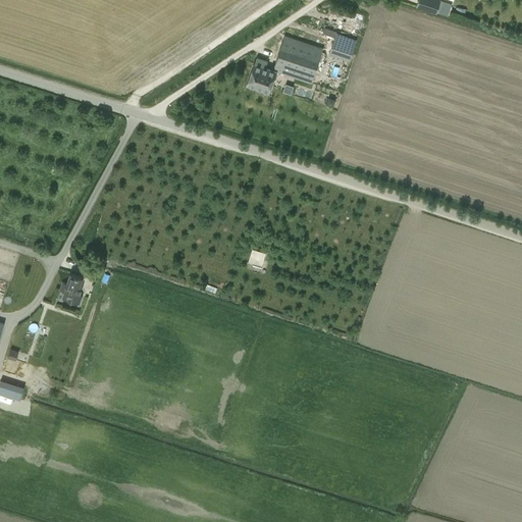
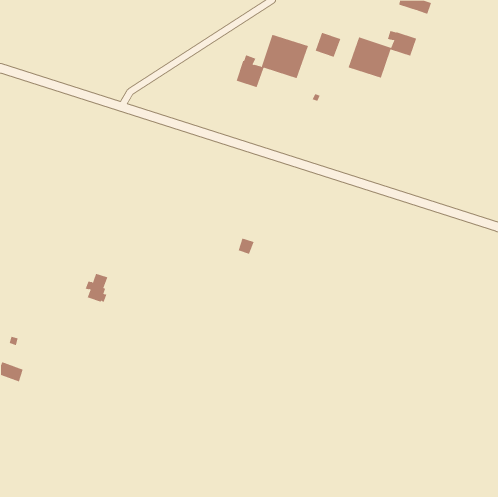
building: none -> [348,30,417,79]
building: [59,274,84,305] -> [85,273,108,302]

